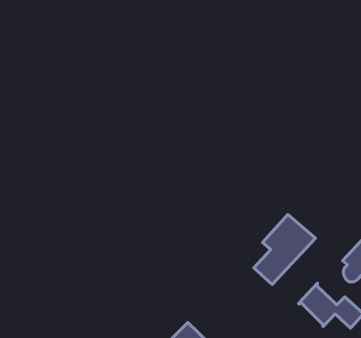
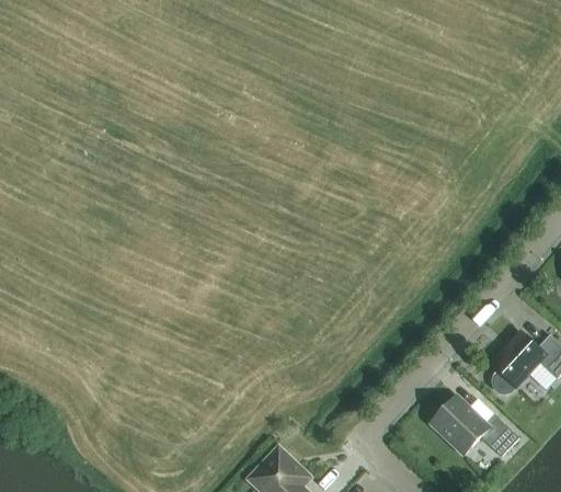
building: [254,214,315,285] -> none

